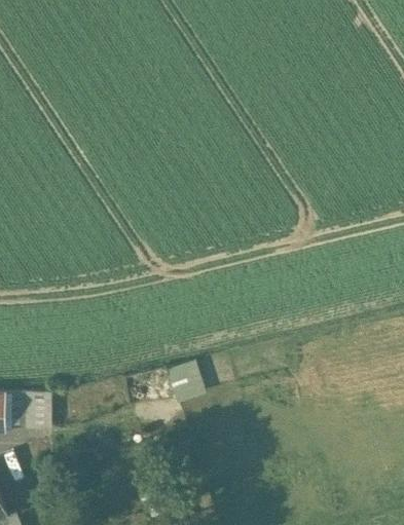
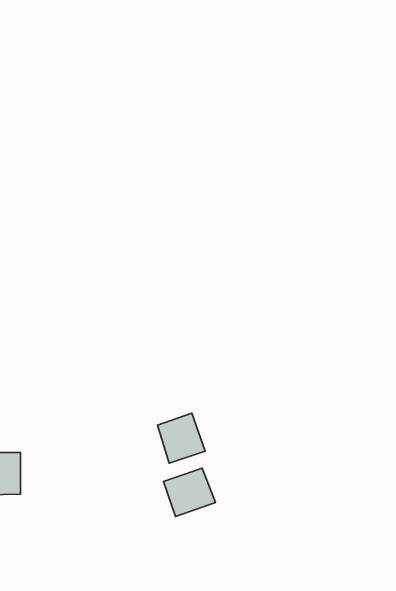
building: none -> [164,468,215,517]

